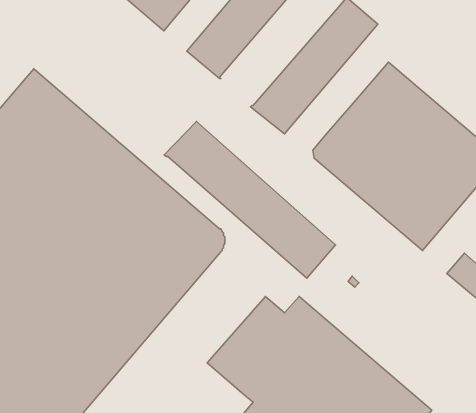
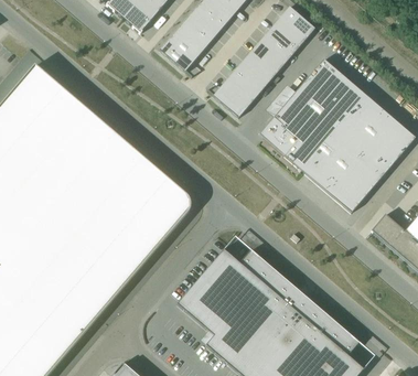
building: [164,122,336,278] -> none

